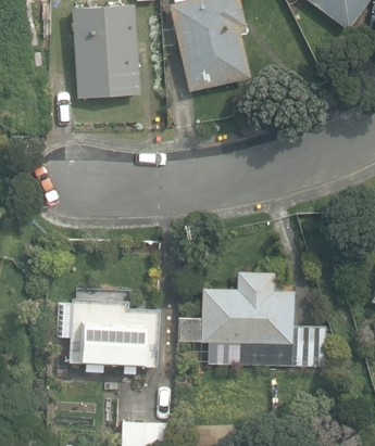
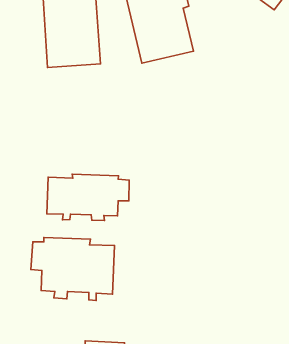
building: none -> [47,174,129,220]
building: [178,271,327,366] -> none

